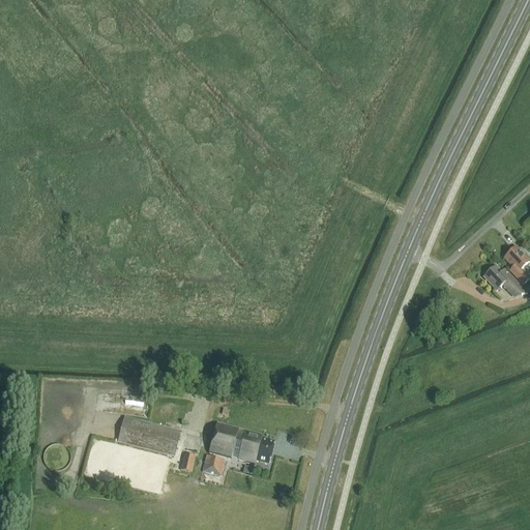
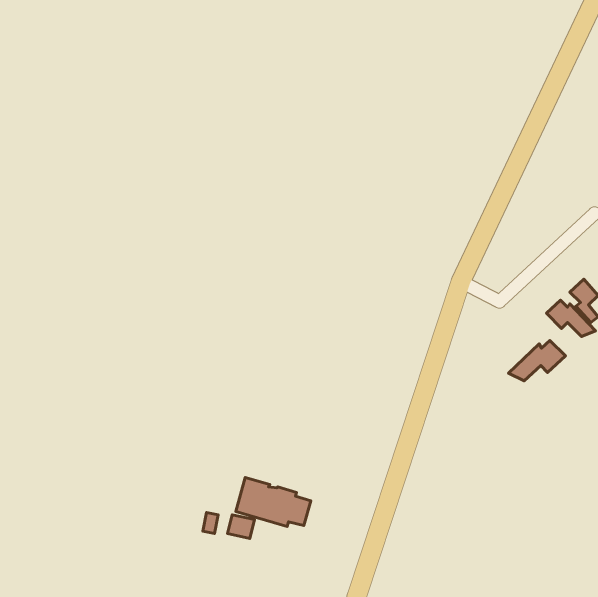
building: none -> [508,340,565,381]
building: [117,416,179,455] -> none

